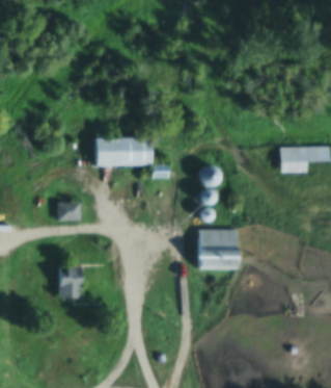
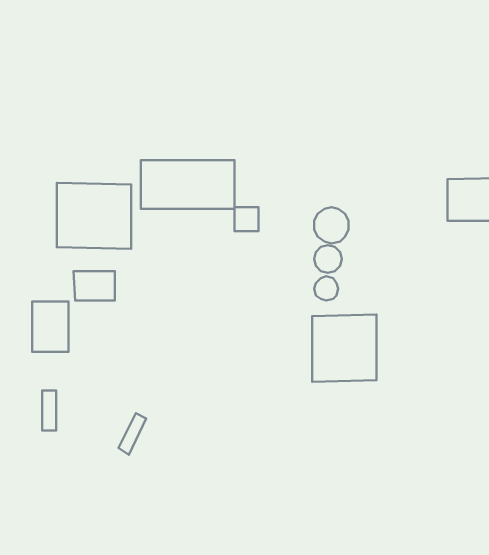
building: none -> [57,183,131,249]
building: [59,266,81,296] -> [32,301,69,352]

